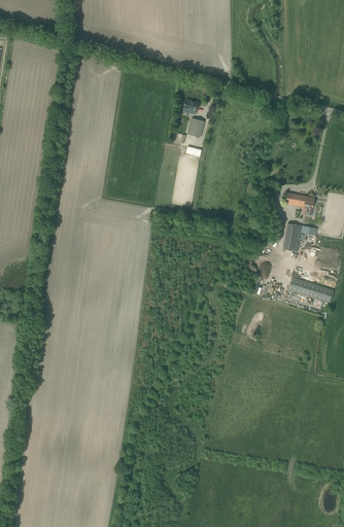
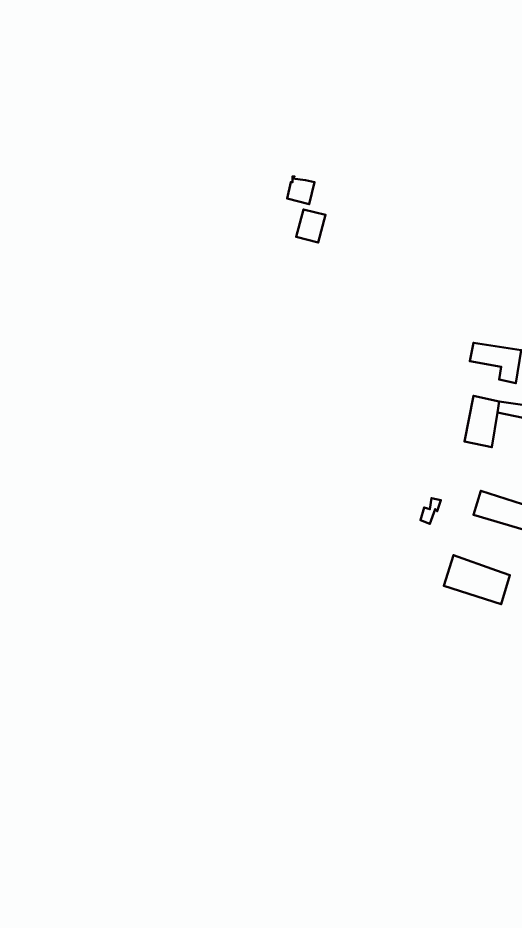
building: none -> [444,555,510,604]

